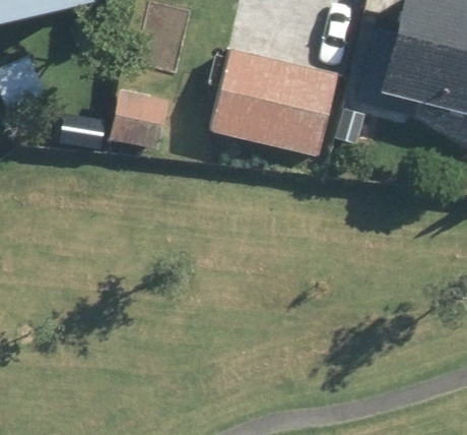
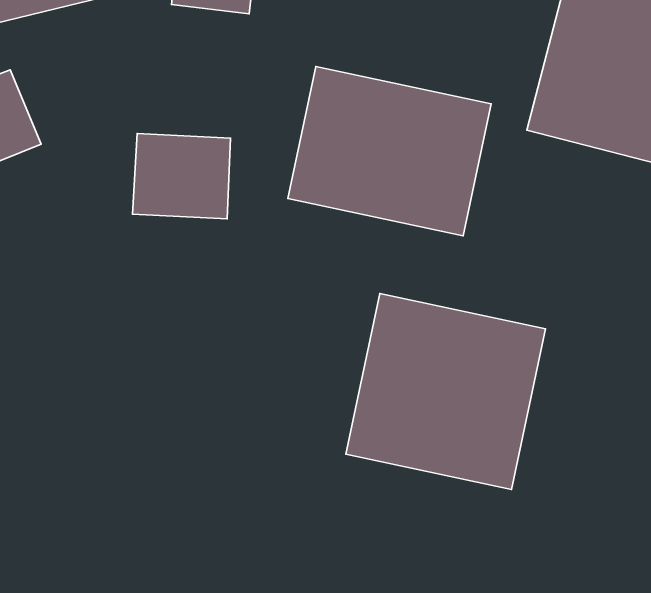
building: none -> [346,294,546,489]

